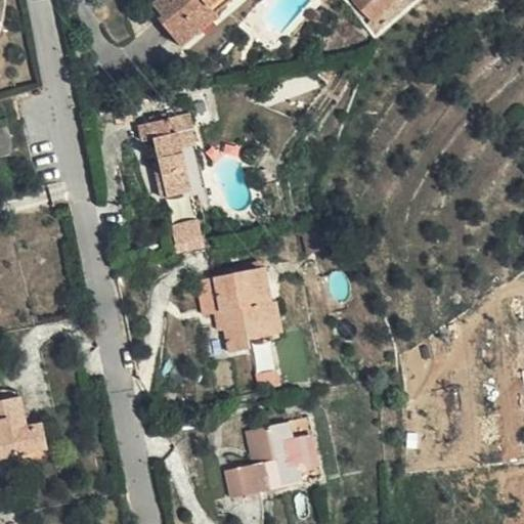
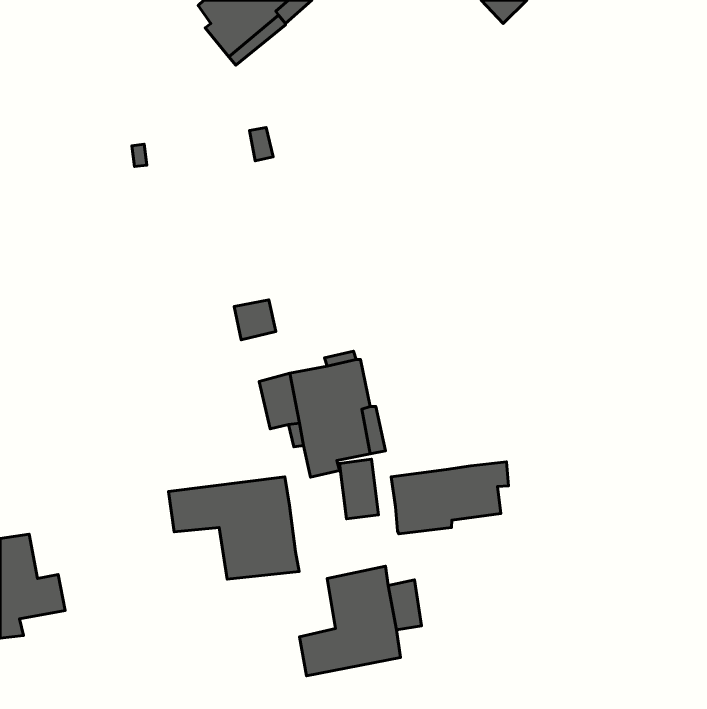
building: [134,114,202,196] -> none
building: none -> [391,462,509,534]
building: none -> [169,477,299,579]

